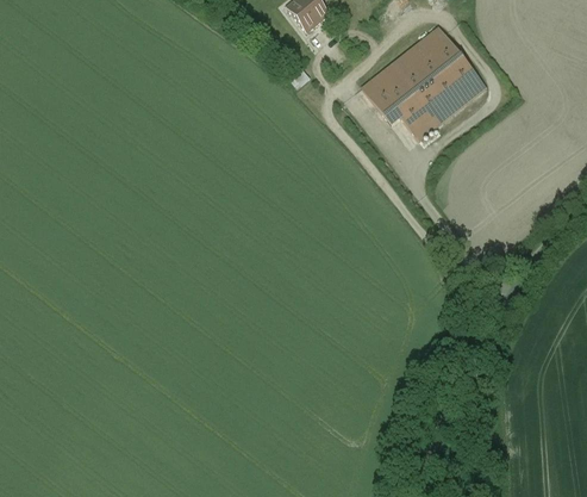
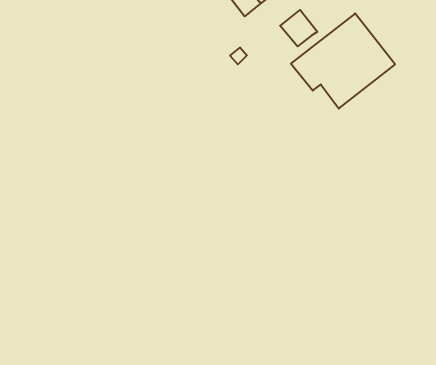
building: none -> [280,10,317,46]

